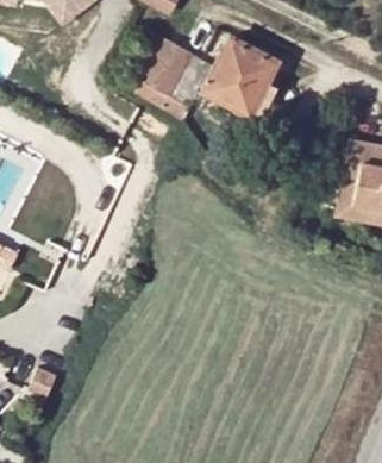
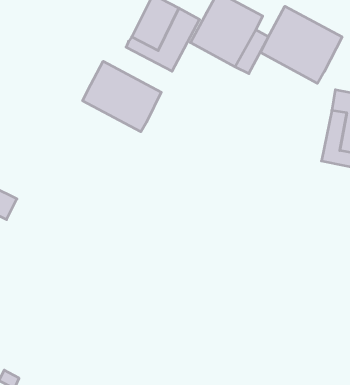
building: none -> [260,6,342,83]
building: none -> [83,61,161,132]

